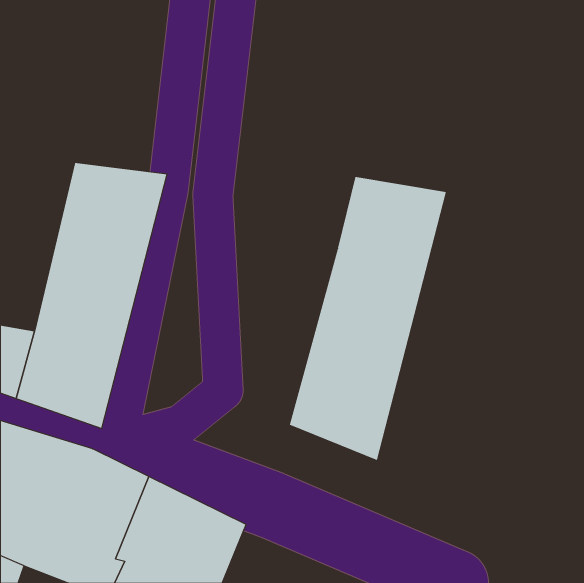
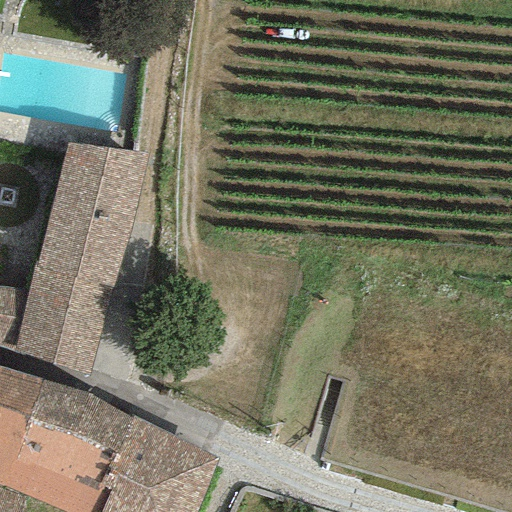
building: [289,176,446,461] -> none

